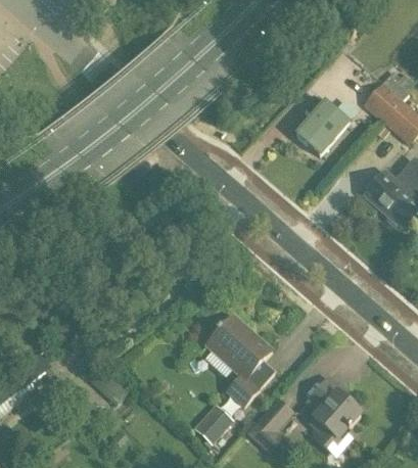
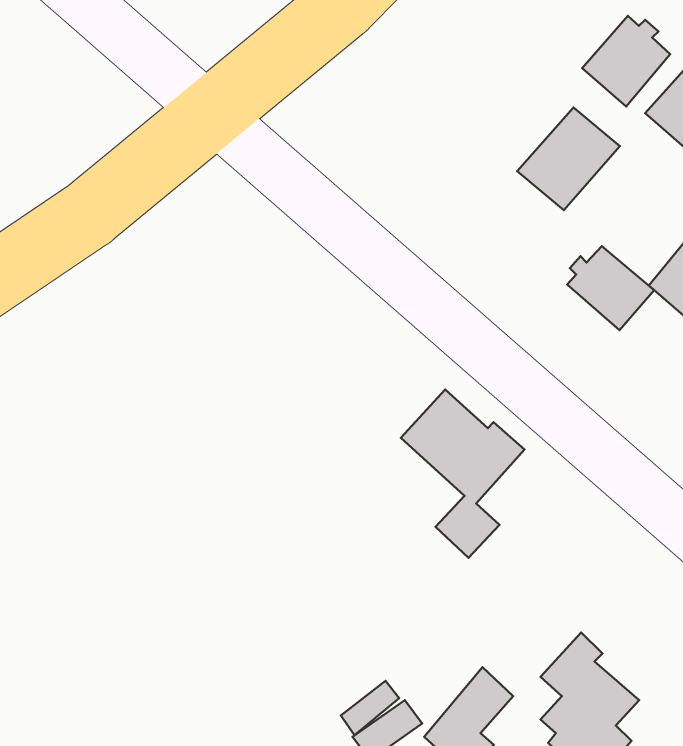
building: none -> [582,16,670,107]
building: none -> [567,246,654,330]
building: [206,318,272,407] -> [401,389,525,558]

